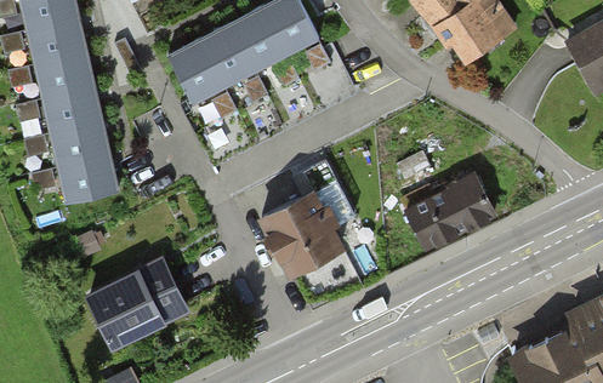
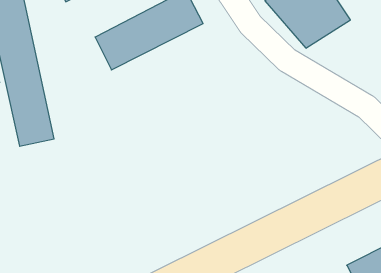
building: [409,175,495,247] -> none
building: [266,187,343,265] -> none
building: [95,262,186,342] -> none

